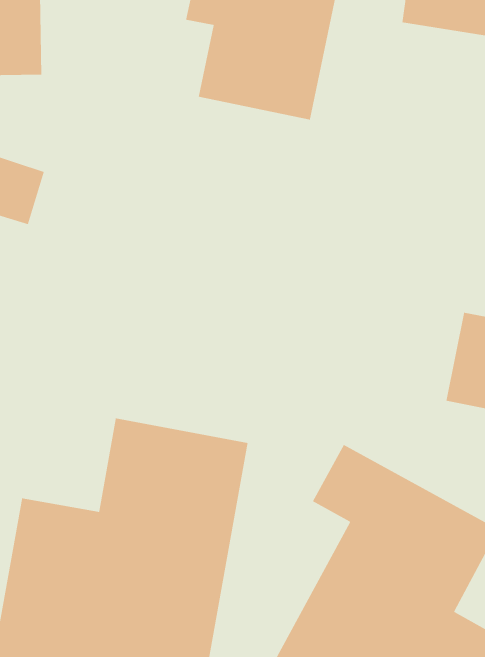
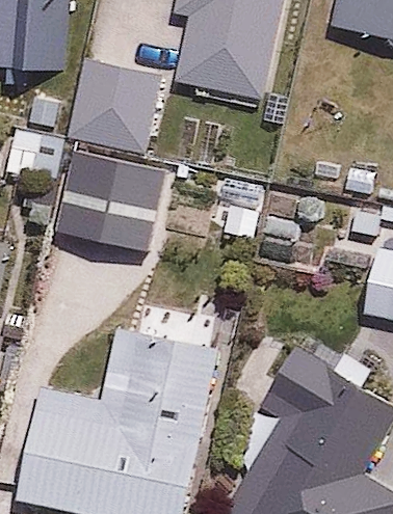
building: none -> [72,52,162,151]
building: none -> [53,141,168,250]

